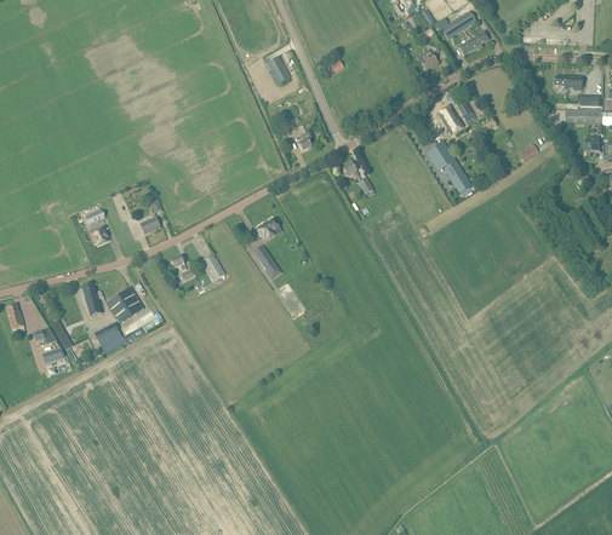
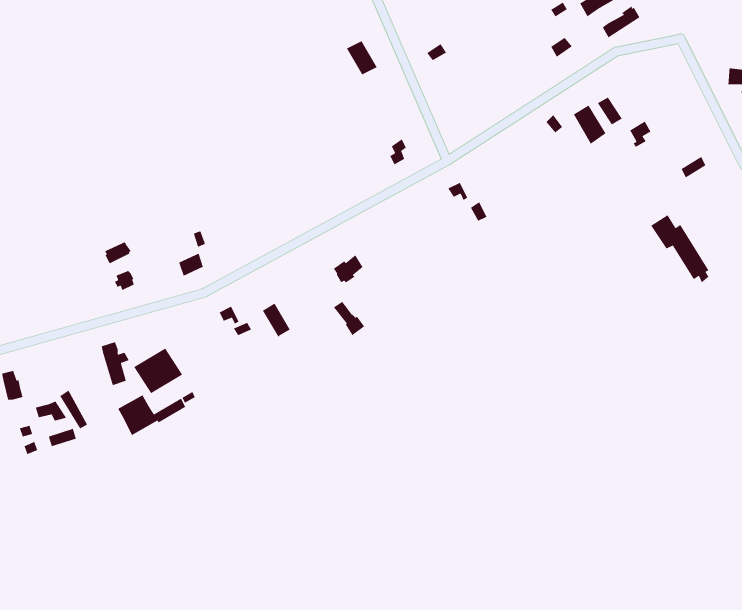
building: [427,143,471,195] -> [650,214,710,283]

